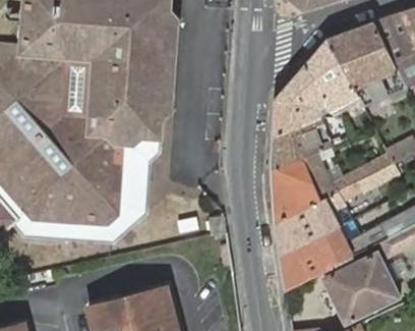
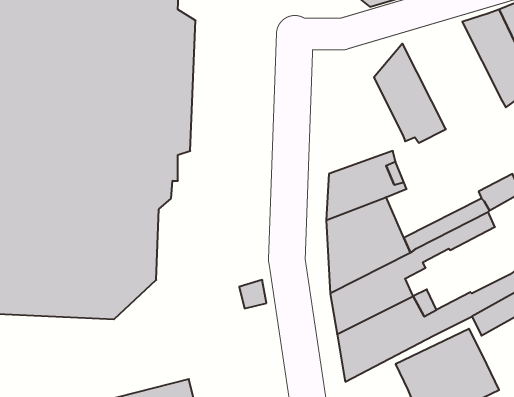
building: [329,19,407,104] -> none
building: [274,61,329,133] -> none

